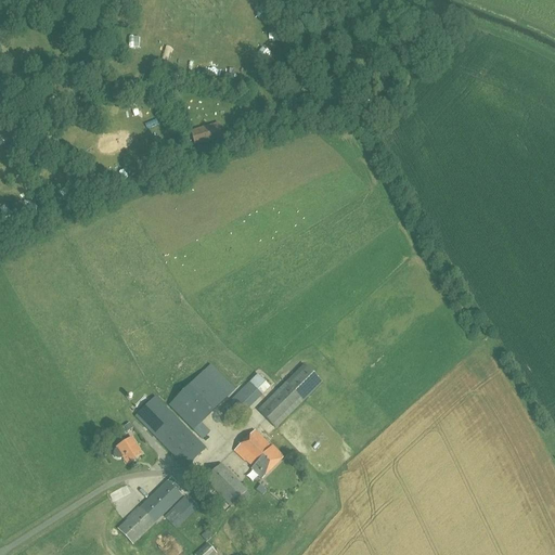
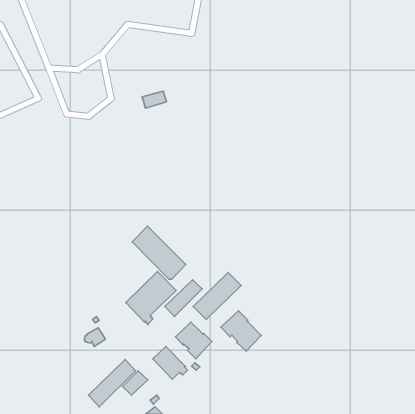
building: [134,395,206,465] -> [132,226,186,279]
building: none -> [221,311,261,351]

